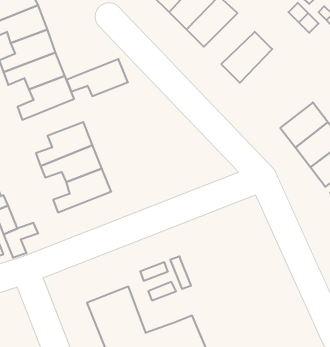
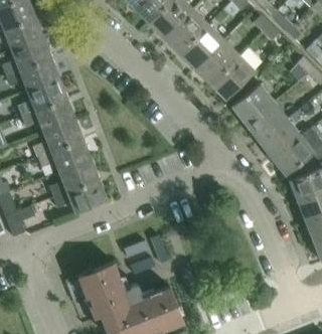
building: none -> [179,24,223,68]
building: none -> [210,55,255,100]
building: [67,59,128,96] -> [21,99,74,131]
building: none -> [231,84,274,124]
building: none -> [52,179,107,212]

